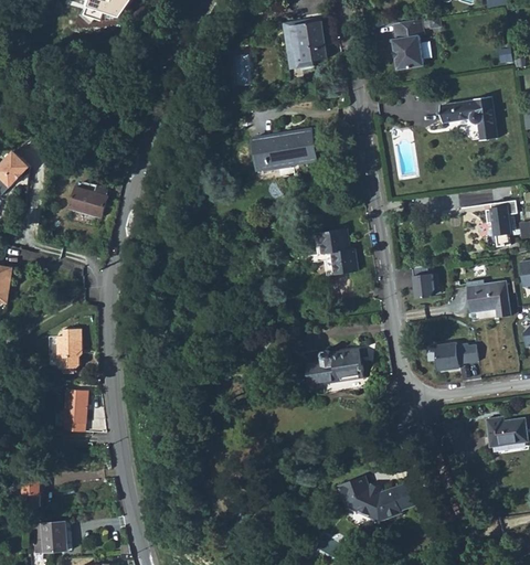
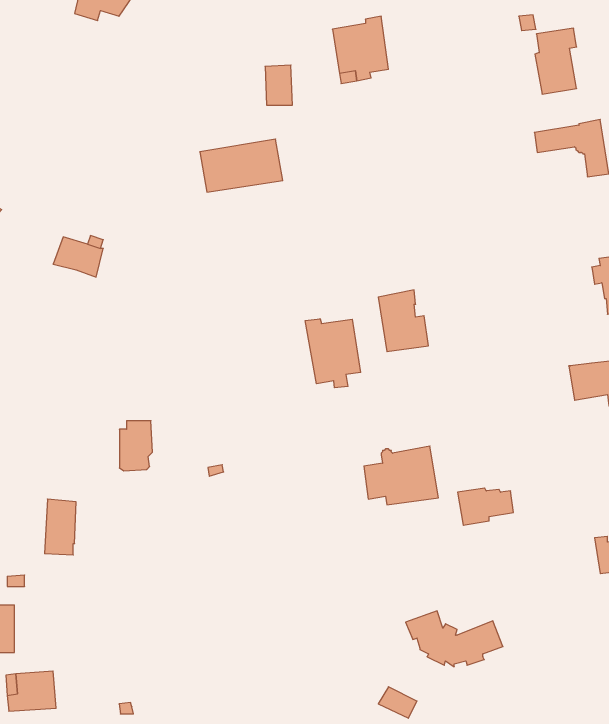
building: [391,19,423,70] -> [535,28,577,94]
building: [252,128,316,169] -> [200,139,283,192]
building: none -> [305,319,361,388]
building: [410,265,432,298] -> none
building: [55,329,81,367] -> [119,421,152,471]
building: [433,342,476,371] -> [458,488,513,525]

